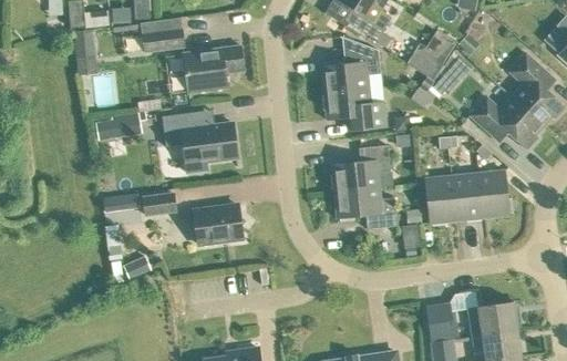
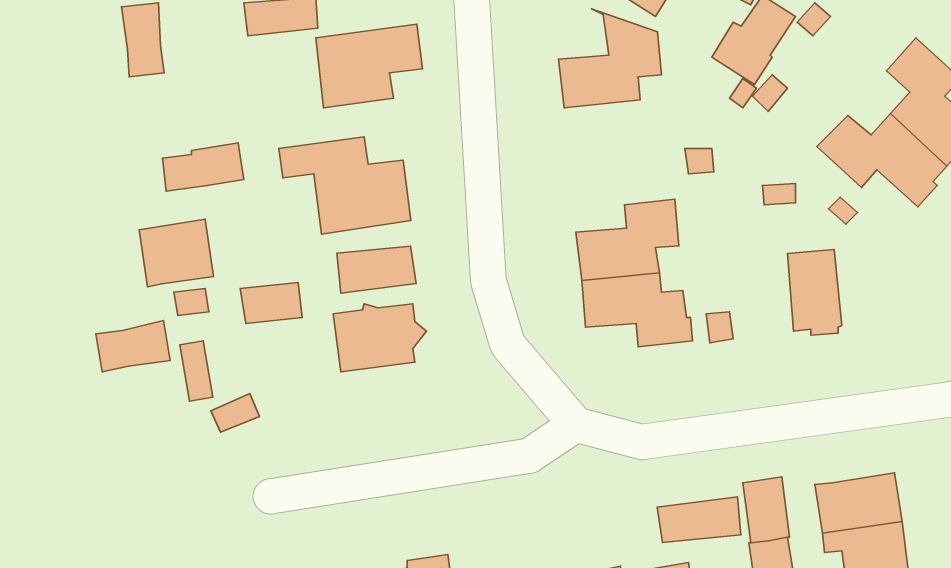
building: [324,89,385,131] -> none
building: none -> [139,219,214,287]
building: [478,171,513,217] -> none
building: none -> [337,246,416,293]
building: [424,176,455,226] -> none
building: none -> [96,321,170,372]
building: none -> [657,497,741,543]

